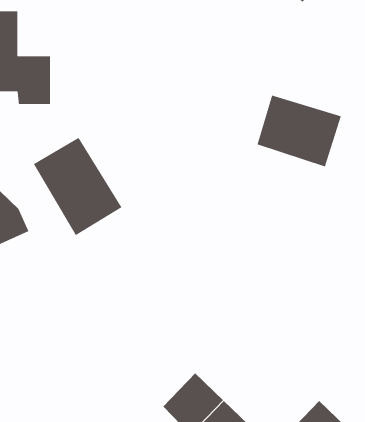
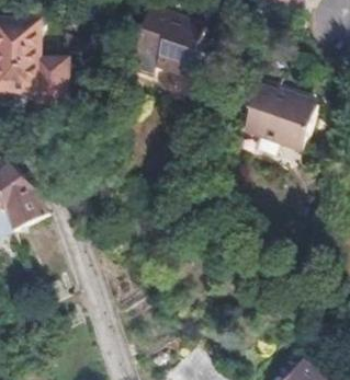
building: none -> [132,18,204,83]
building: [33,137,122,236] -> none

